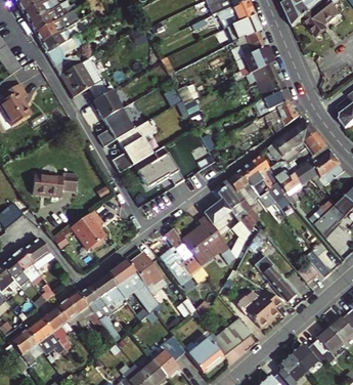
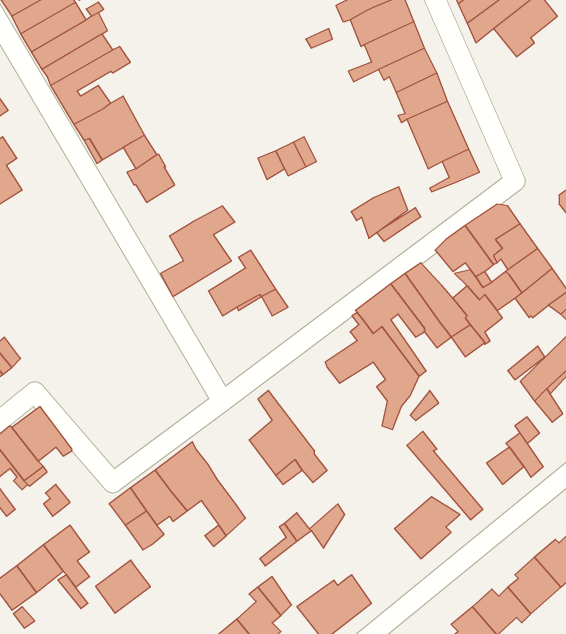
building: [266,101,299,131] -> [351,187,408,238]
building: [95,109,130,146] -> none
building: [35,171,79,196] -> none
building: [73,209,107,248] -> none
building: [182,214,241,269] -> none
building: [130,251,167,294] -> none
building: [57,290,89,320] -> [96,560,150,613]
building: [214,314,253,350] -> none

